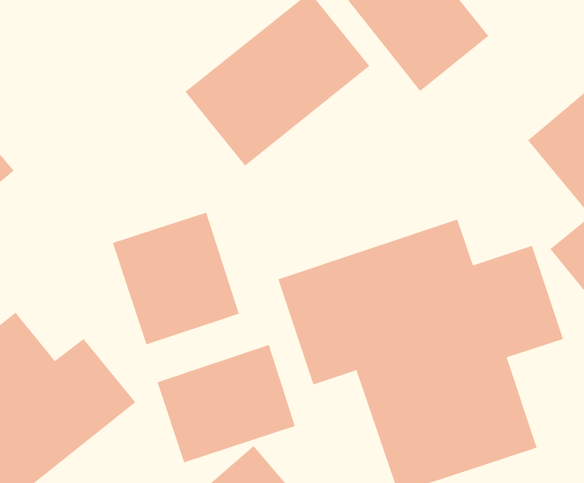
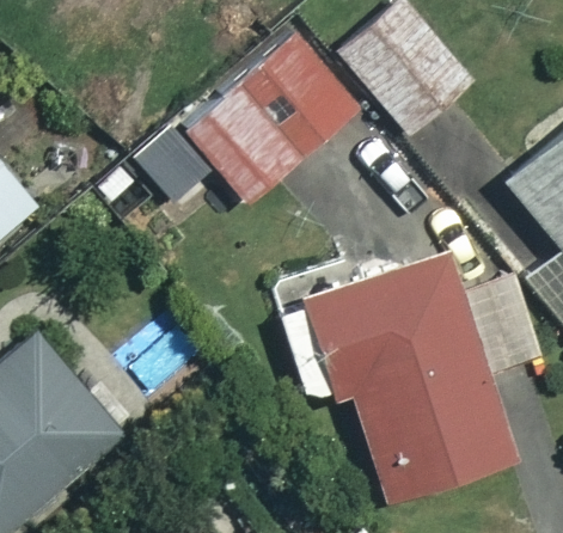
building: [112,212,239,345] -> none
building: [157,344,296,463] -> none

